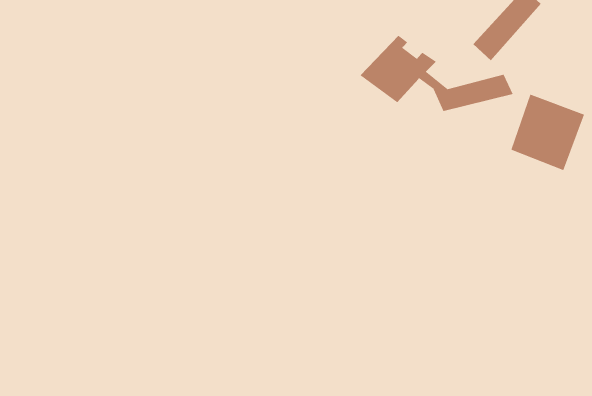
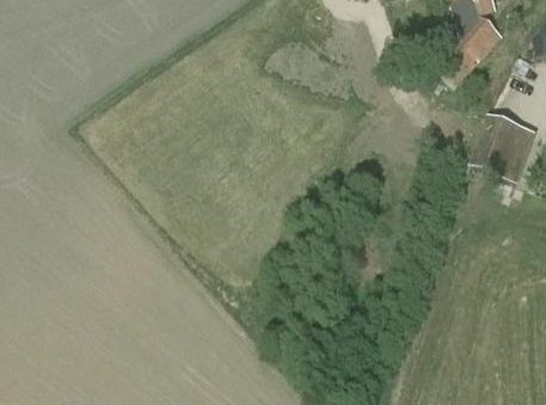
building: [359,35,513,112] -> none

